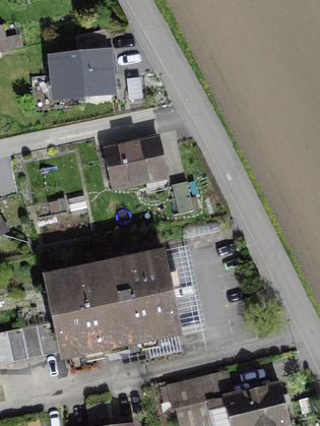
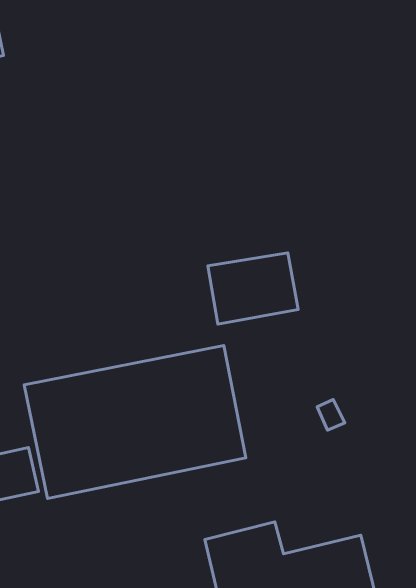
building: [44,49,113,102] -> none
building: [107,142,170,192] -> [208,253,298,324]

